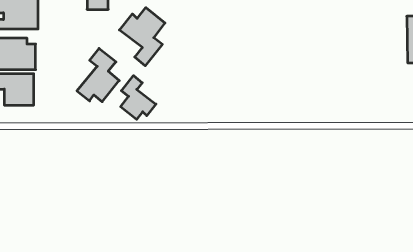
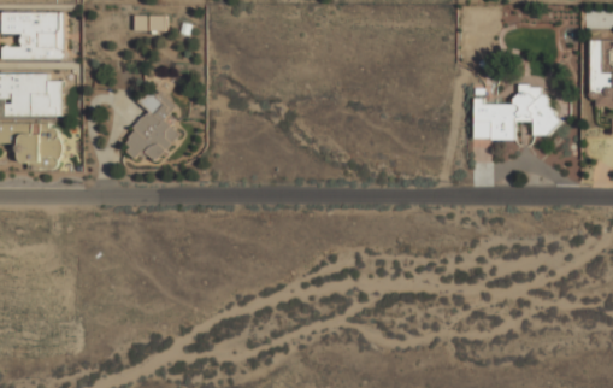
building: [119,8,165,66] -> none
building: none -> [472,84,554,141]
building: [121,76,156,119] -> none

